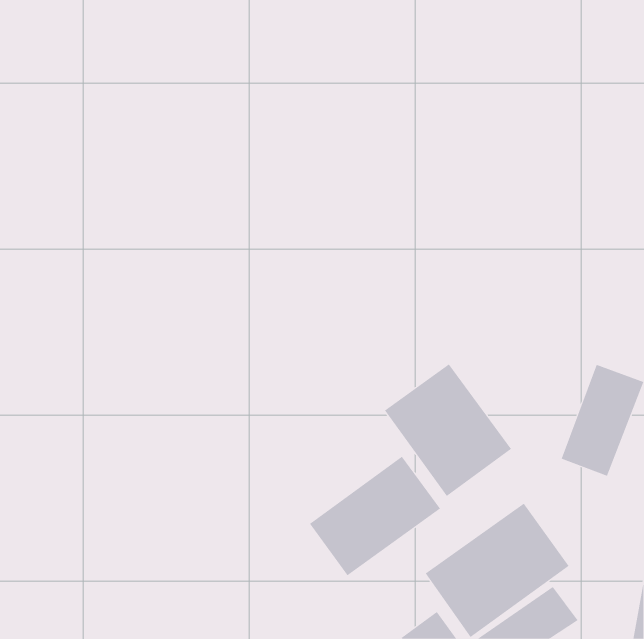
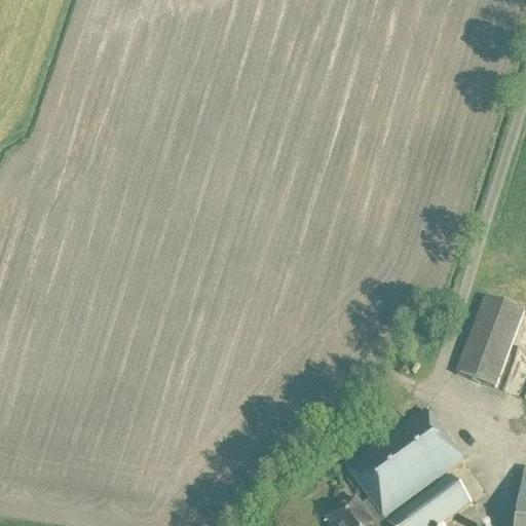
building: [384,364,512,497] -> none
building: [309,456,441,576] -> none

